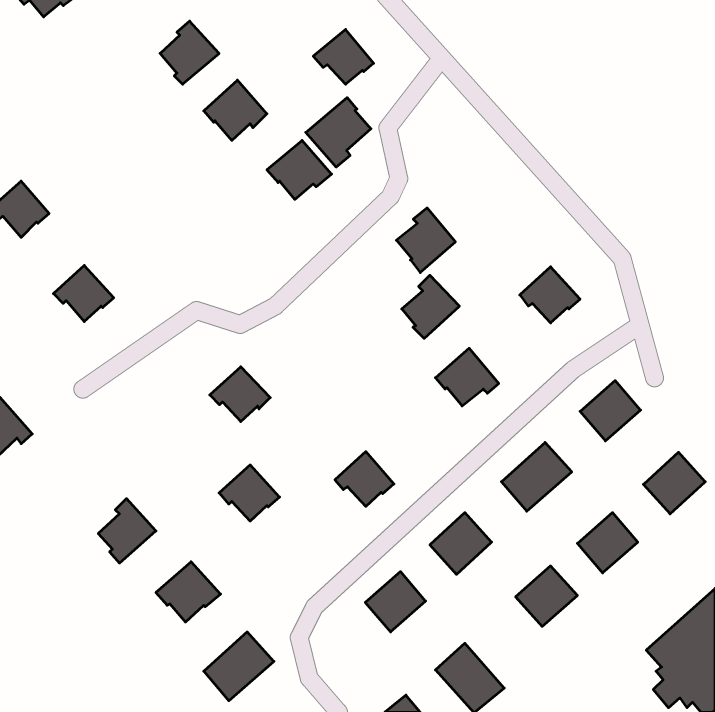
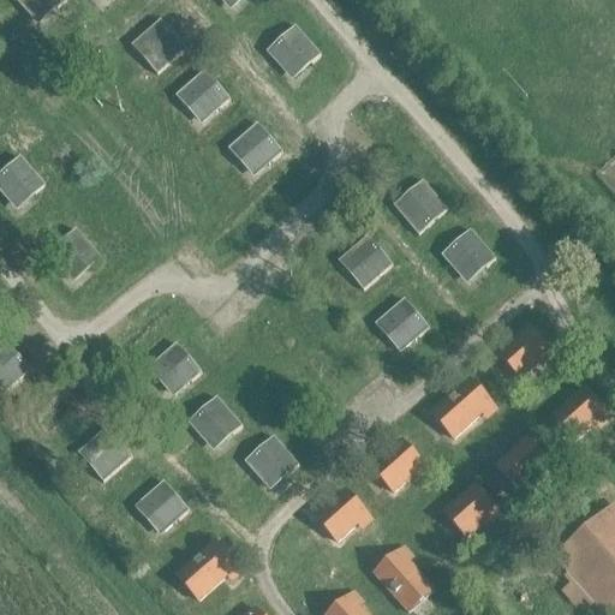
building: [306,98,371,167] -> none
building: [396,208,455,273] -> [399,179,449,234]
building: [210,367,270,422] -> [148,345,199,392]
building: [335,452,394,506] -> [247,438,298,485]

